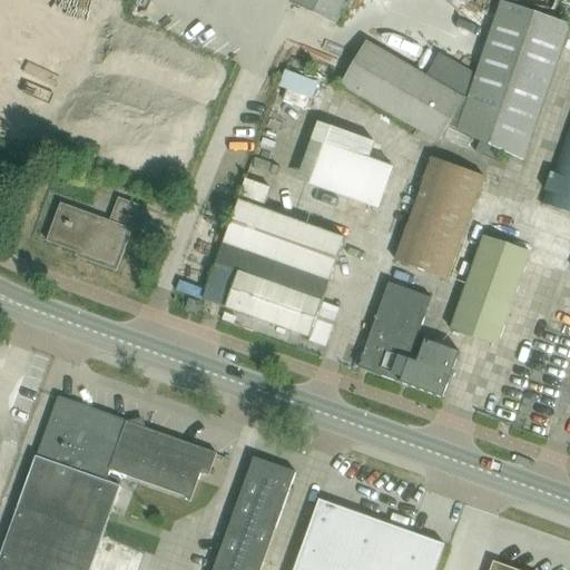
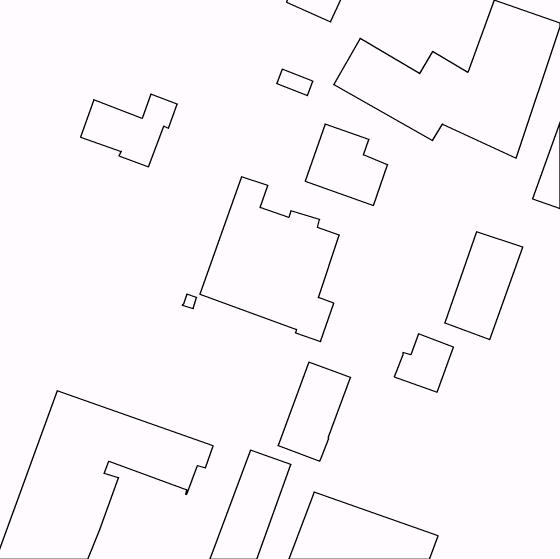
building: [394,157,482,278] -> none
building: [47,197,145,271] -> [81,94,177,167]
building: [357,282,431,382] -> [278,362,351,461]

